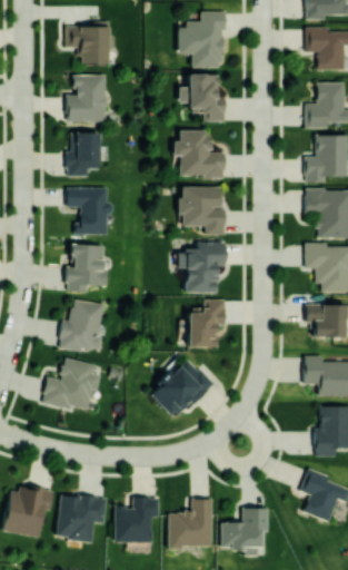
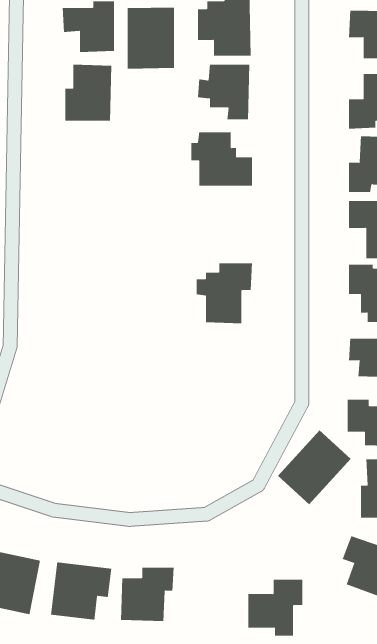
building: none -> [127,7,175,69]
building: [67,132,99,177] -> none
building: [67,187,108,235] -> none
building: [178,187,223,235] -> none
building: [66,244,107,293] -> none
building: [188,299,225,347] -> none
building: [59,301,103,352] -> none
building: [149,356,211,420] -> [277,430,351,505]
building: [41,358,98,412] -> none
building: [167,499,212,548] -> none

